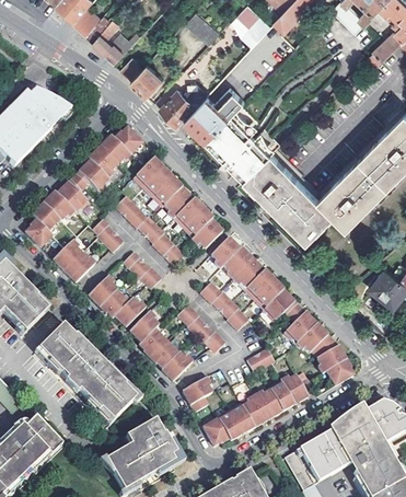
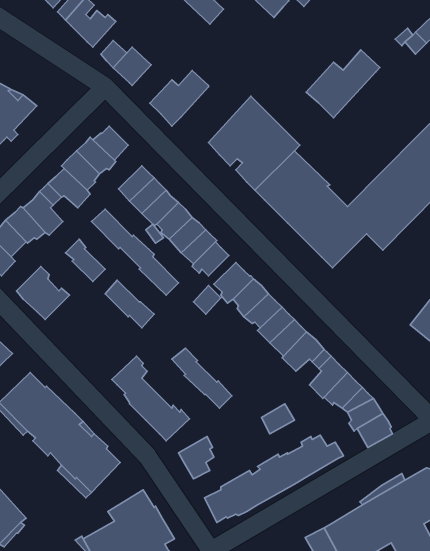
building: [185,85,244,140] -> [306,50,380,118]
building: [89,276,146,327] -> none
building: [201,281,250,330] -> none

